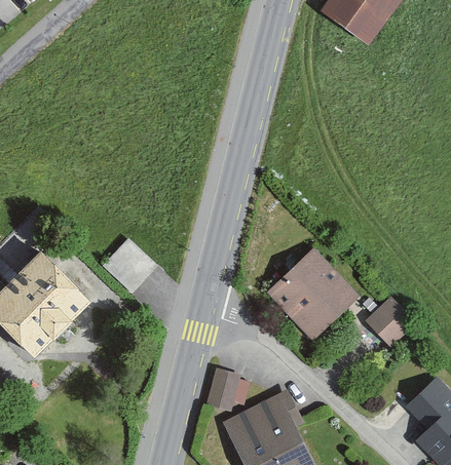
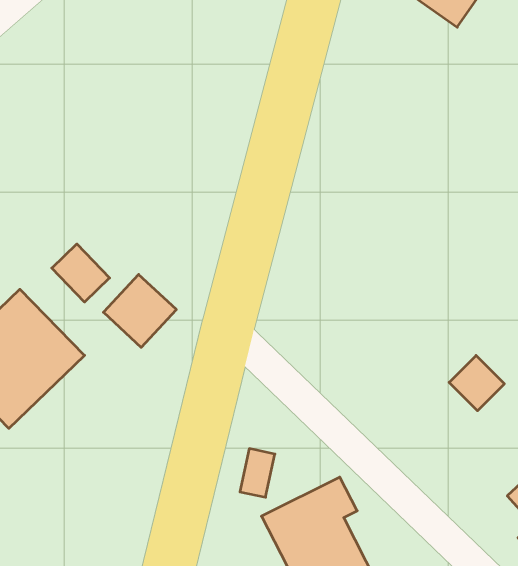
building: none -> [52,244,110,302]
building: [271,253,352,334] -> none

